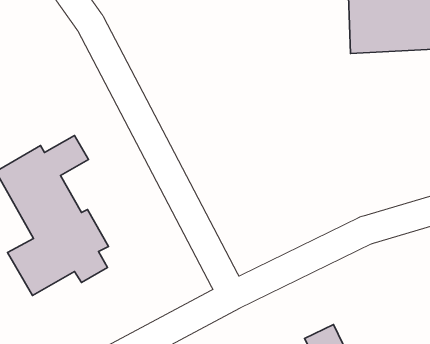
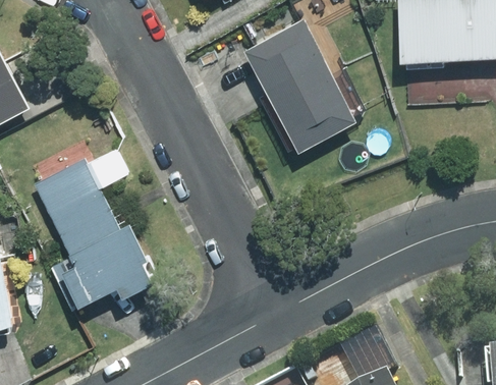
building: none -> [244,22,369,156]

